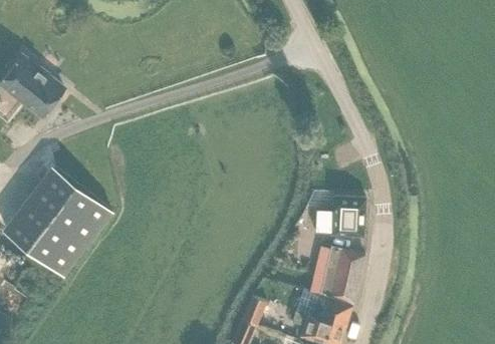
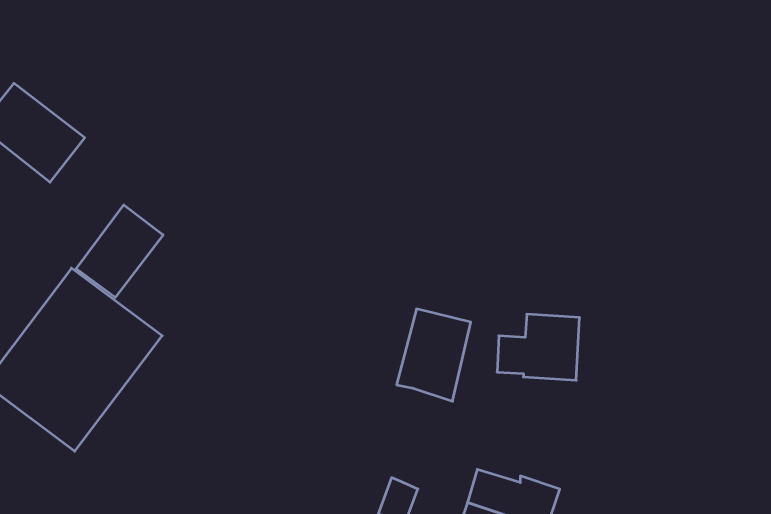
building: none -> [76,205,163,297]
building: [319,247,364,303] -> [397,309,471,401]

